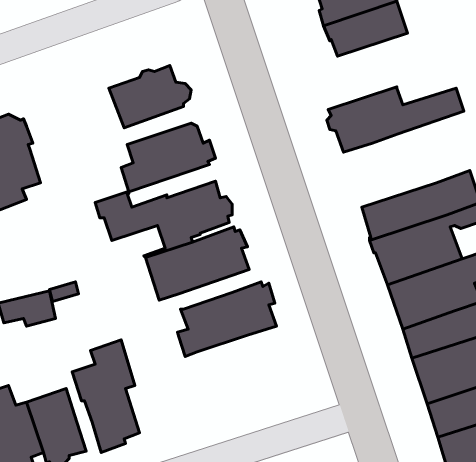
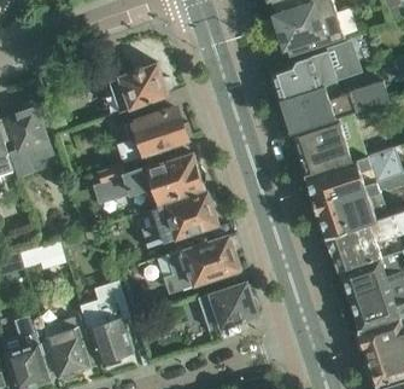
building: none -> [273,42,361,98]
building: none -> [294,99,390,175]
building: none -> [198,283,258,331]

